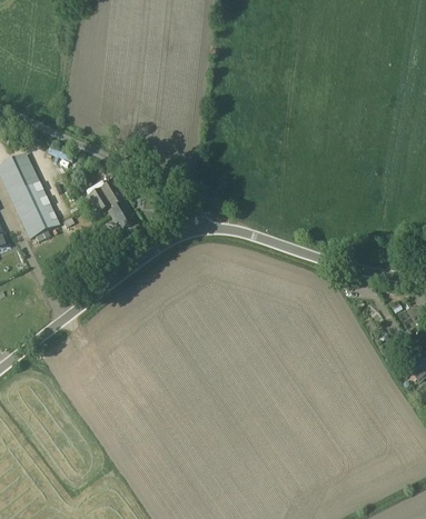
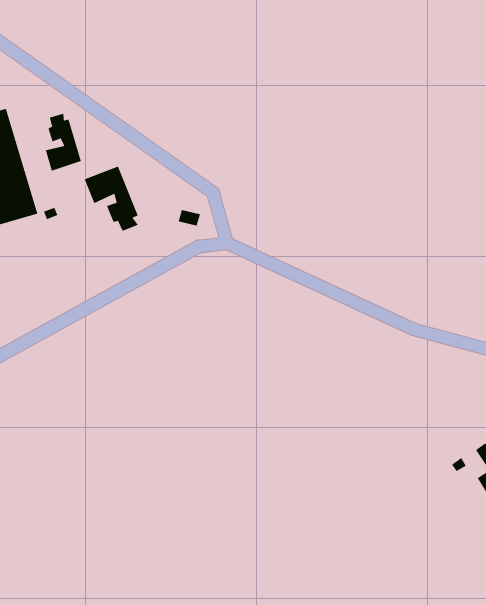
building: none -> [45,113,82,171]

